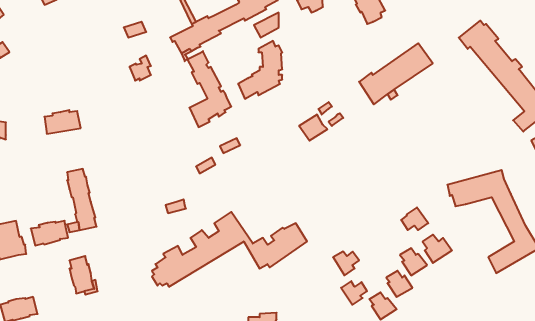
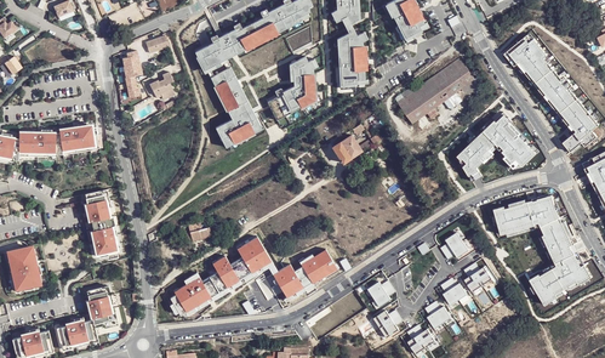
building: none -> [338,30,365,85]
building: none -> [120,49,141,97]
building: none -> [456,114,535,180]
building: none -> [18,137,62,157]
building: [31,221,68,246] -> [56,319,96,346]

